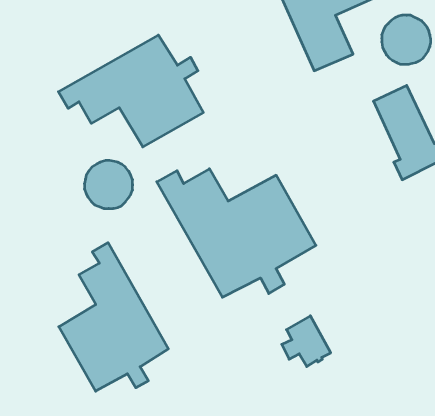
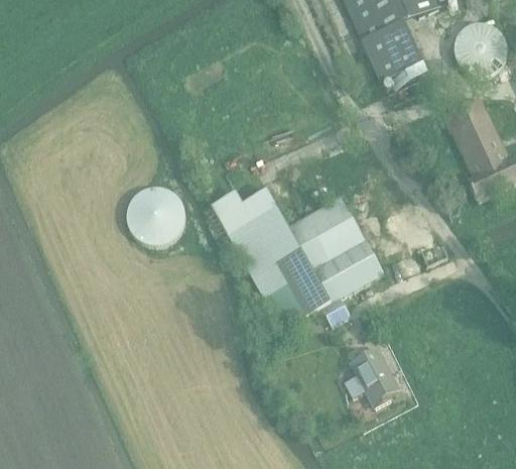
building: [58,35,203,147] -> none
building: [59,243,168,391] -> none

